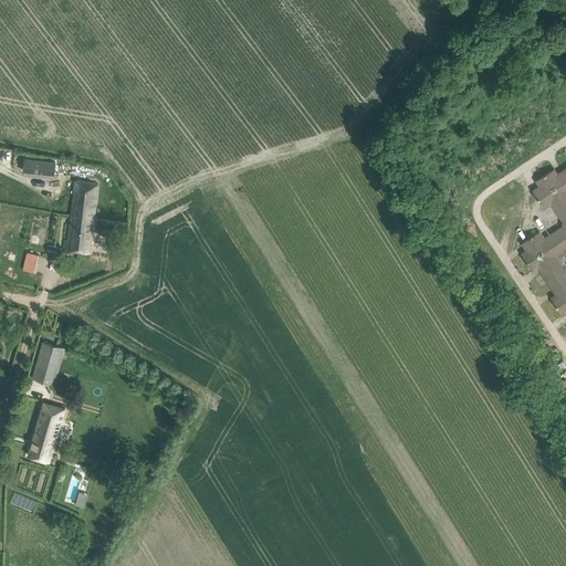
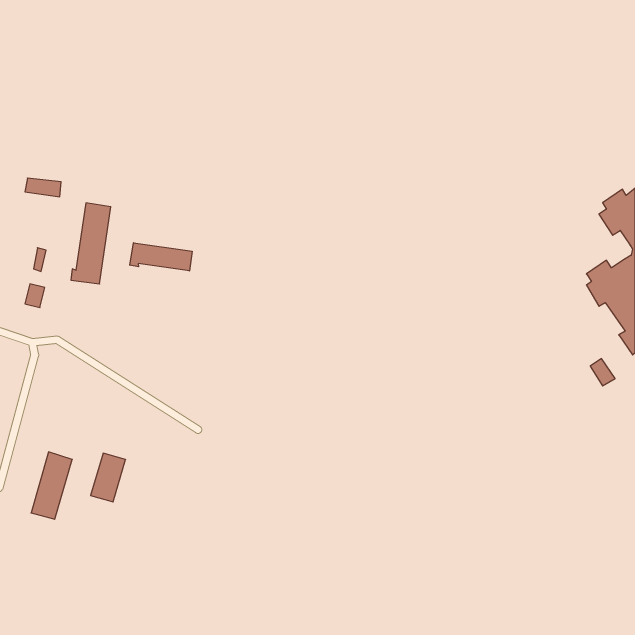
building: none -> [130,243,192,271]
building: [32,343,63,386] -> [91,453,126,502]

